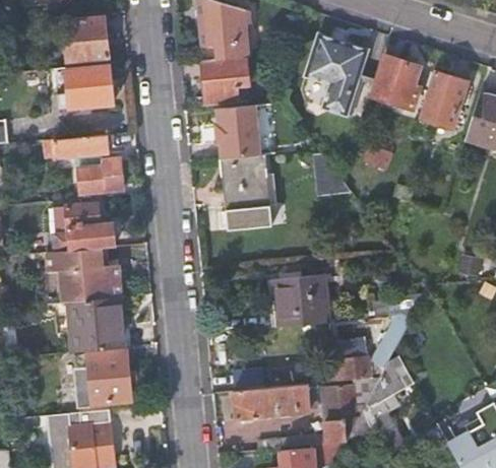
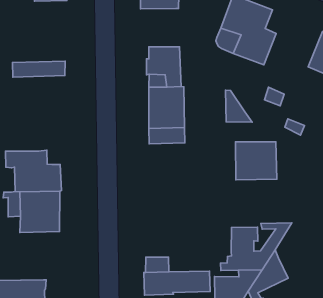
building: [373,56,422,111] -> none
building: [203,58,250,103] -> none
building: [55,64,114,110] -> none
building: [79,160,121,196] -> none
building: [53,205,116,251] -> none
building: [274,276,330,328] -> [235,142,277,180]
building: [75,352,132,414] -> none

